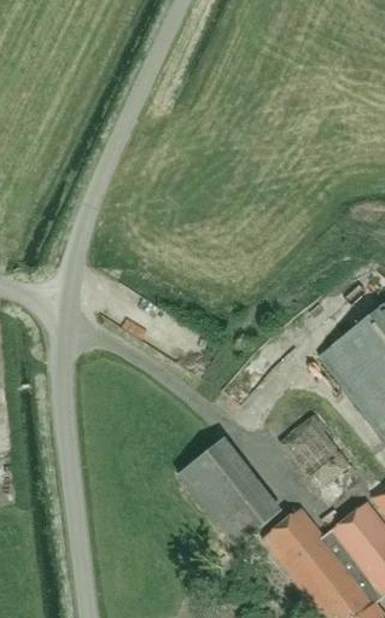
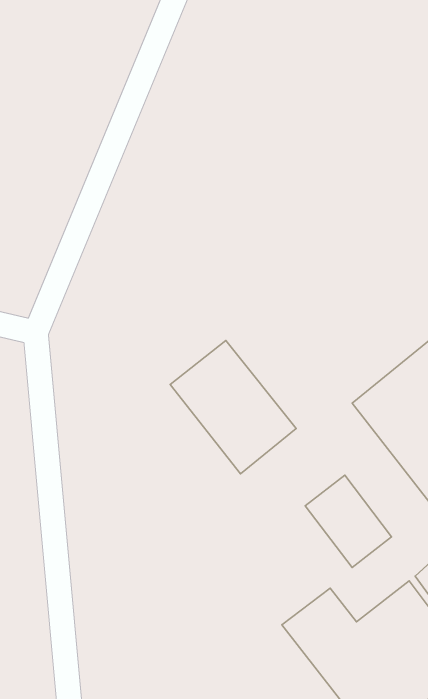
building: [177,438,281,548] -> [170,341,296,474]

